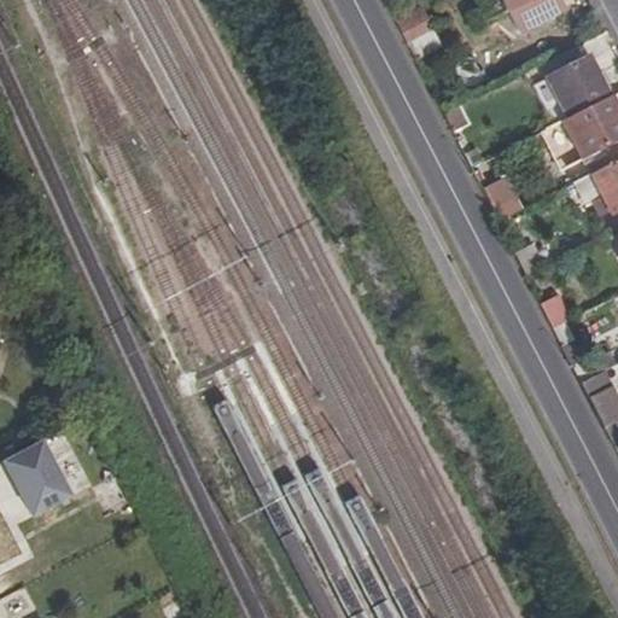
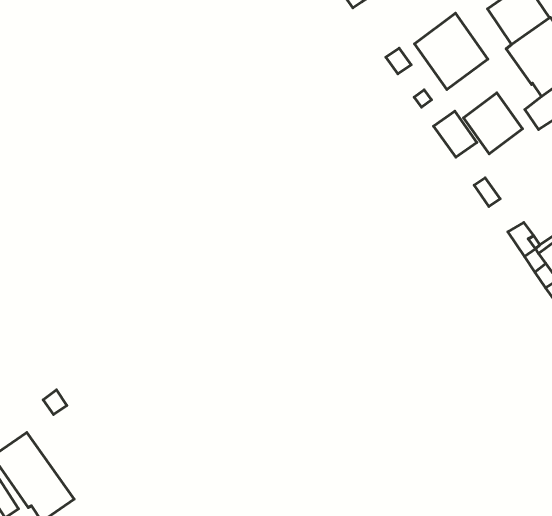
building: none -> [414,13,488,90]
building: none -> [464,93,523,154]

